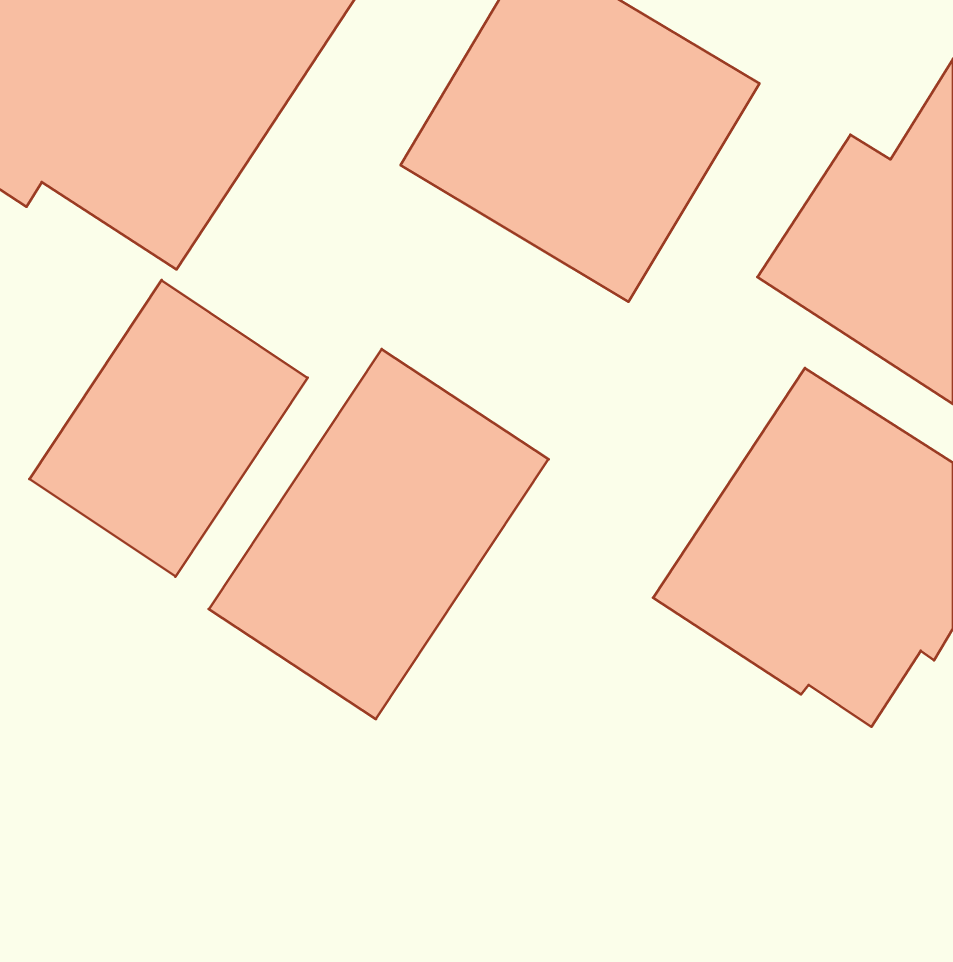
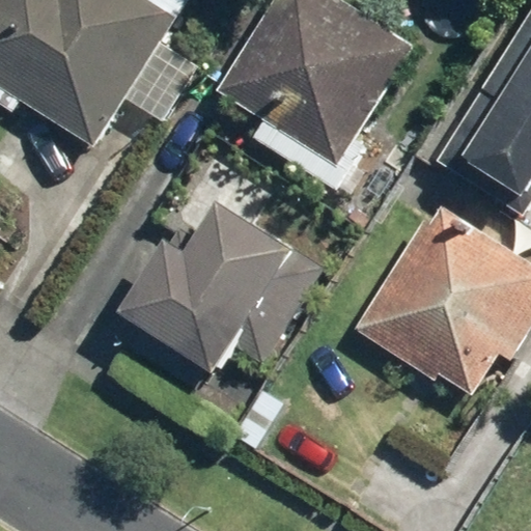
building: [29,280,308,577] -> none

